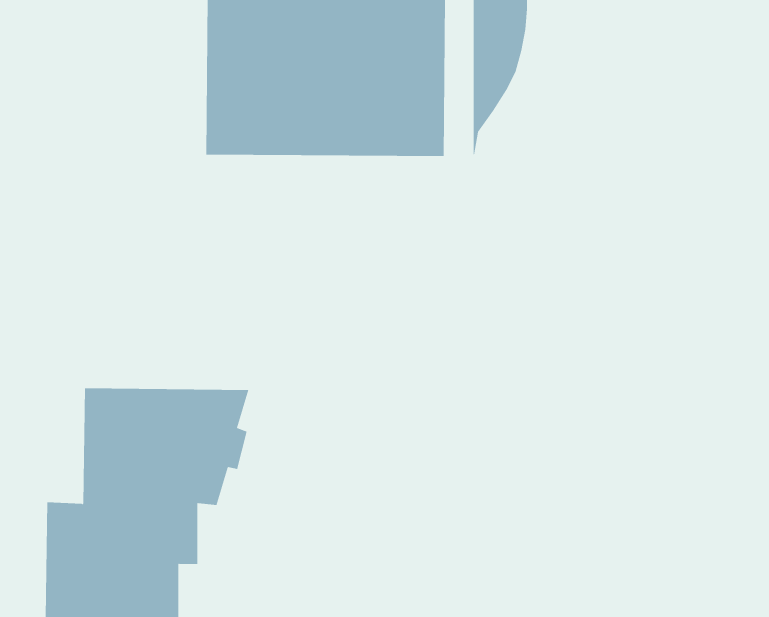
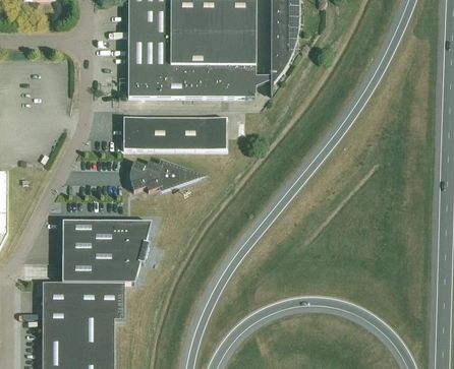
building: none -> [123,117,228,148]
building: none -> [130,162,194,192]

